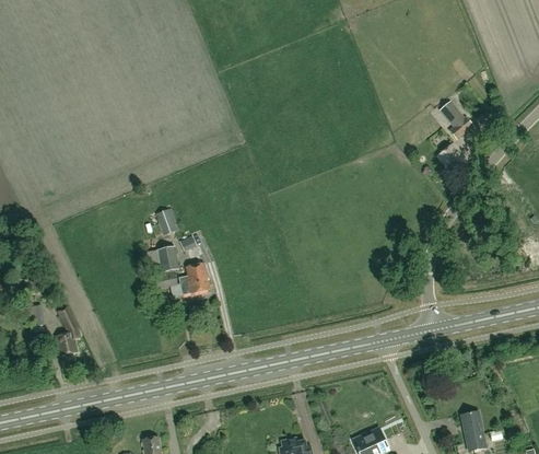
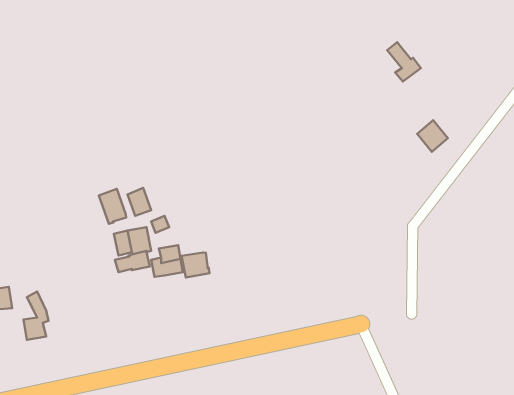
building: [441,101,473,139] -> [387,42,421,82]
building: none -> [99,189,126,224]
building: none -> [182,252,210,278]

